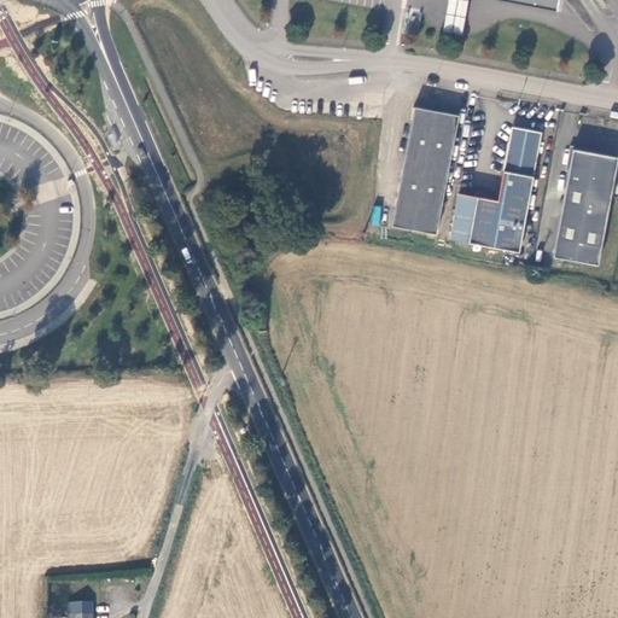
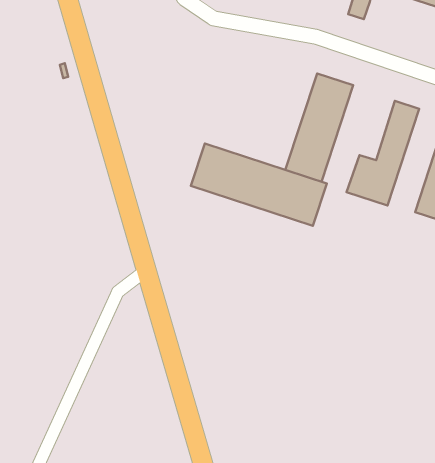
building: [451,192,478,241] -> none
building: none -> [191,144,327,226]

